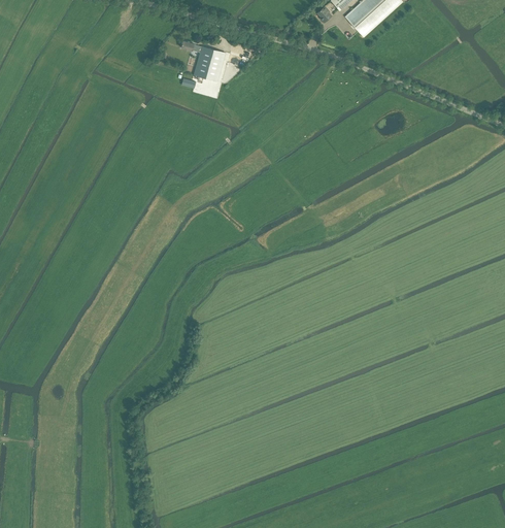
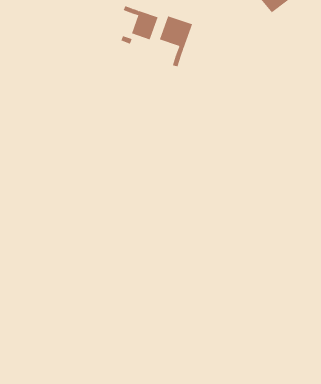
building: none -> [159,16,193,67]

